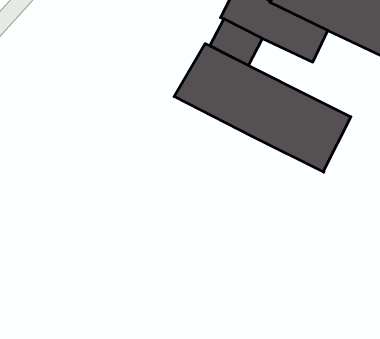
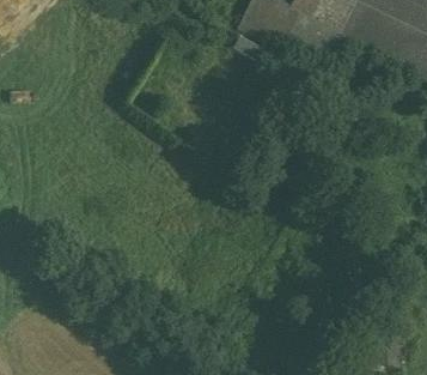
building: [174,44,351,172] -> none

